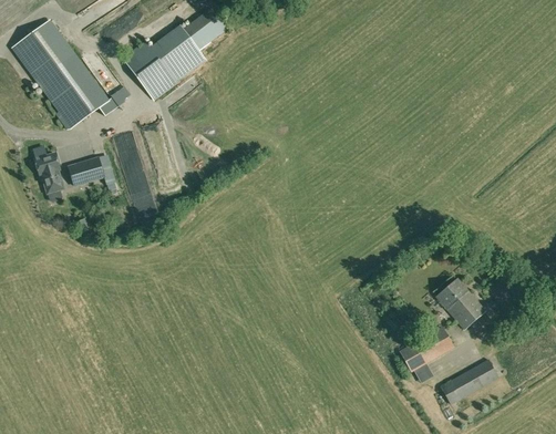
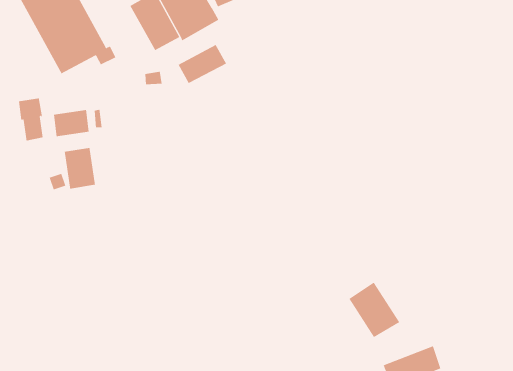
building: none -> [178,44,227,84]
building: none -> [64,147,95,189]
building: [436,278,486,329] -> [348,282,400,338]

